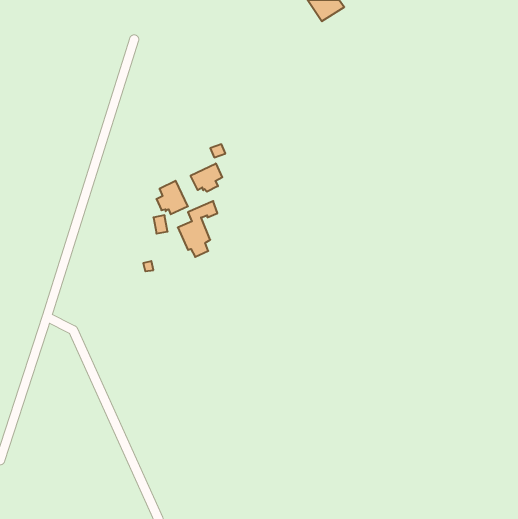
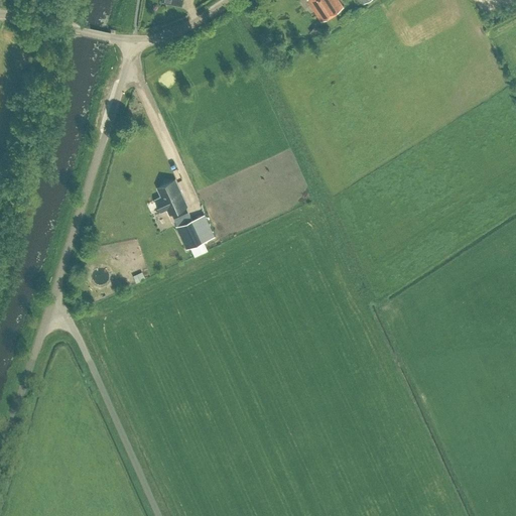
building: [191,163,222,192] -> none

